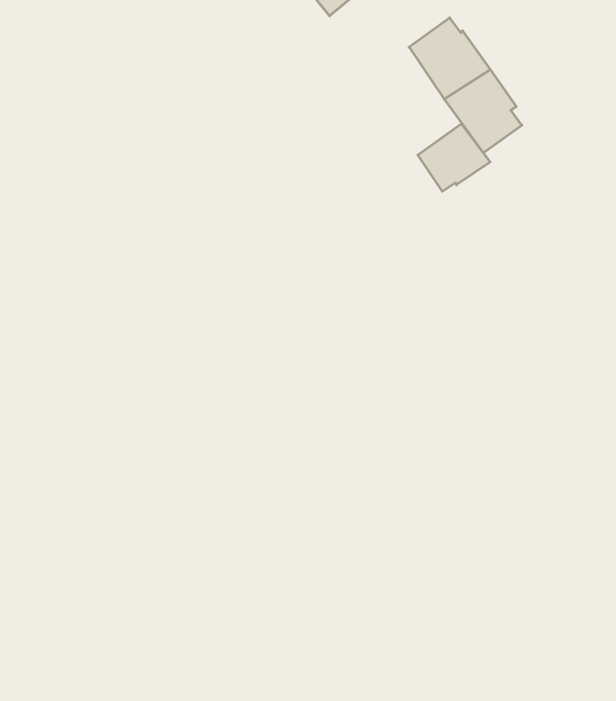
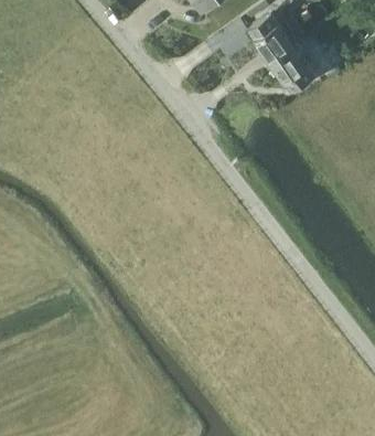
building: [418,124,490,191] -> none

